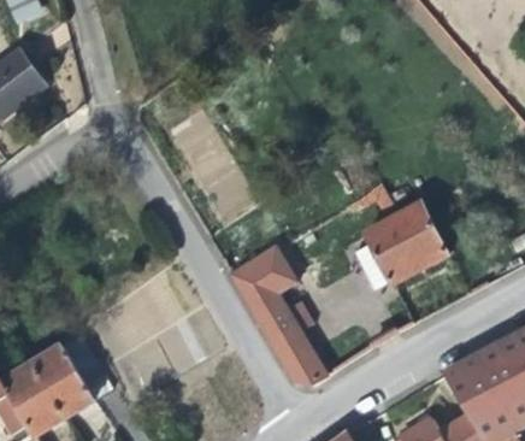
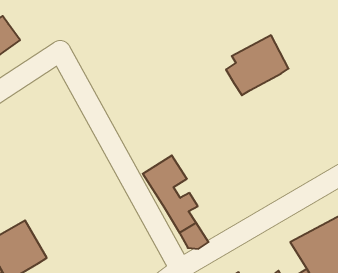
building: [355,205,446,292] -> [226,35,289,95]

